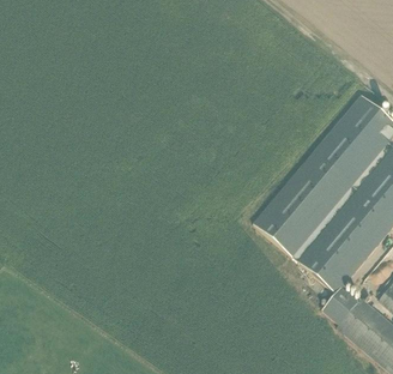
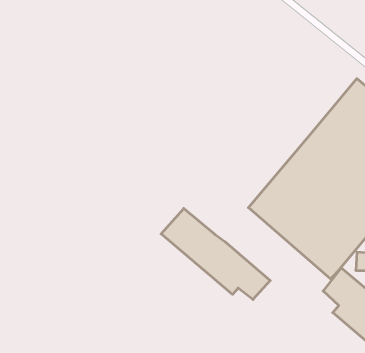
building: none -> [161,208,270,300]

